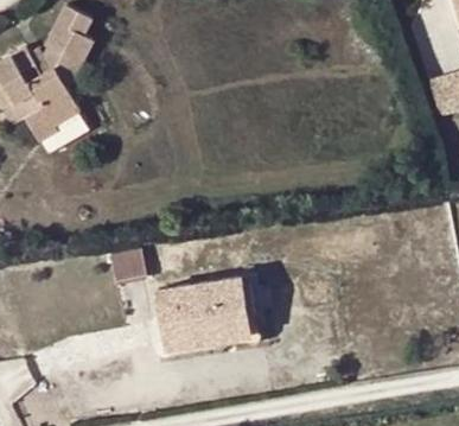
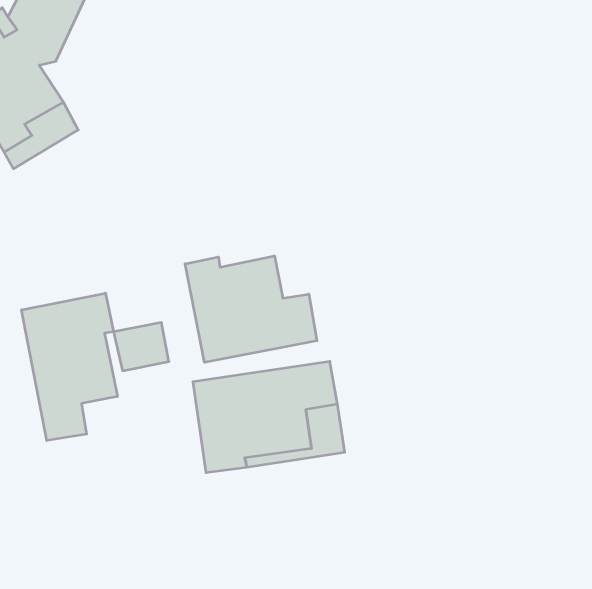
building: none -> [185,256,317,362]
building: none -> [22,293,117,441]

